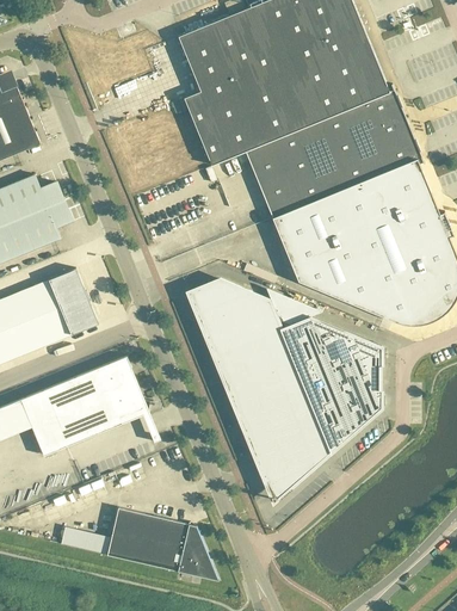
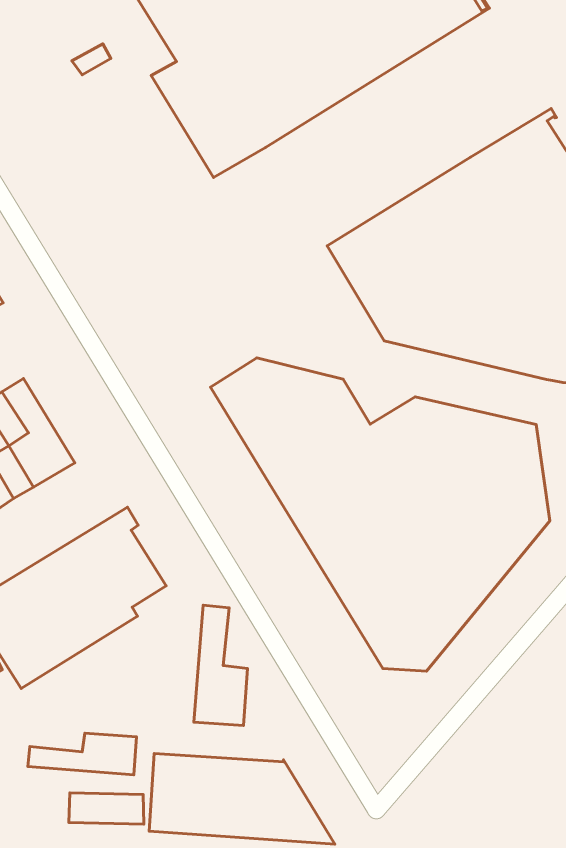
building: [245,91,421,218] -> none
building: none -> [194,605,247,726]
building: none -> [28,733,136,775]

